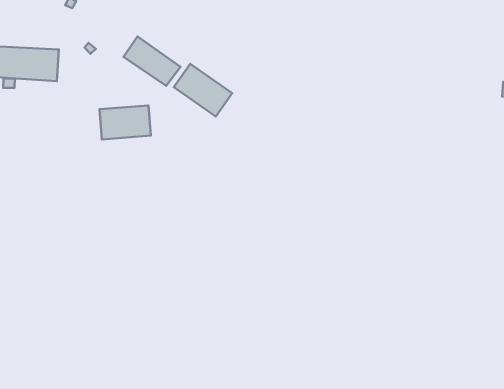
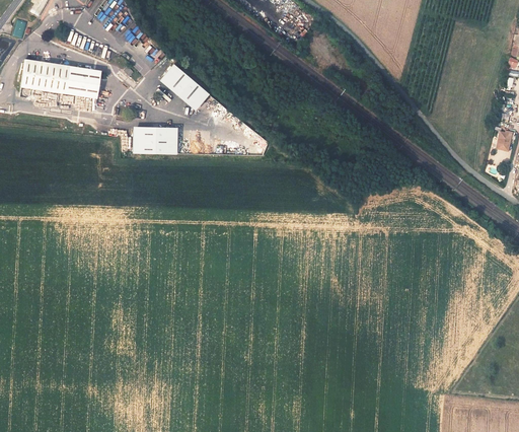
building: [174,64,232,116] -> none

